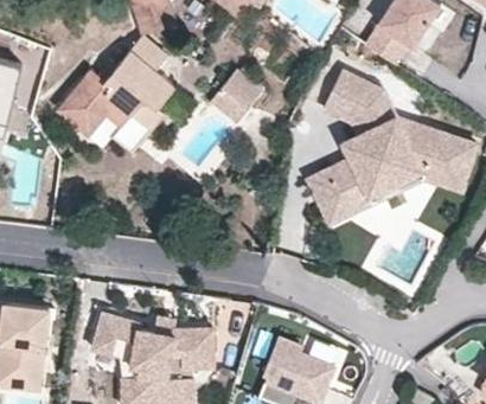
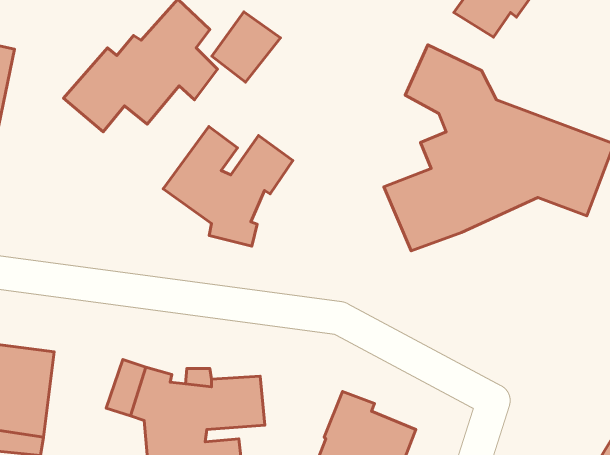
building: [213,70,267,124] -> [212,12,281,82]
building: none -> [163,126,293,246]

